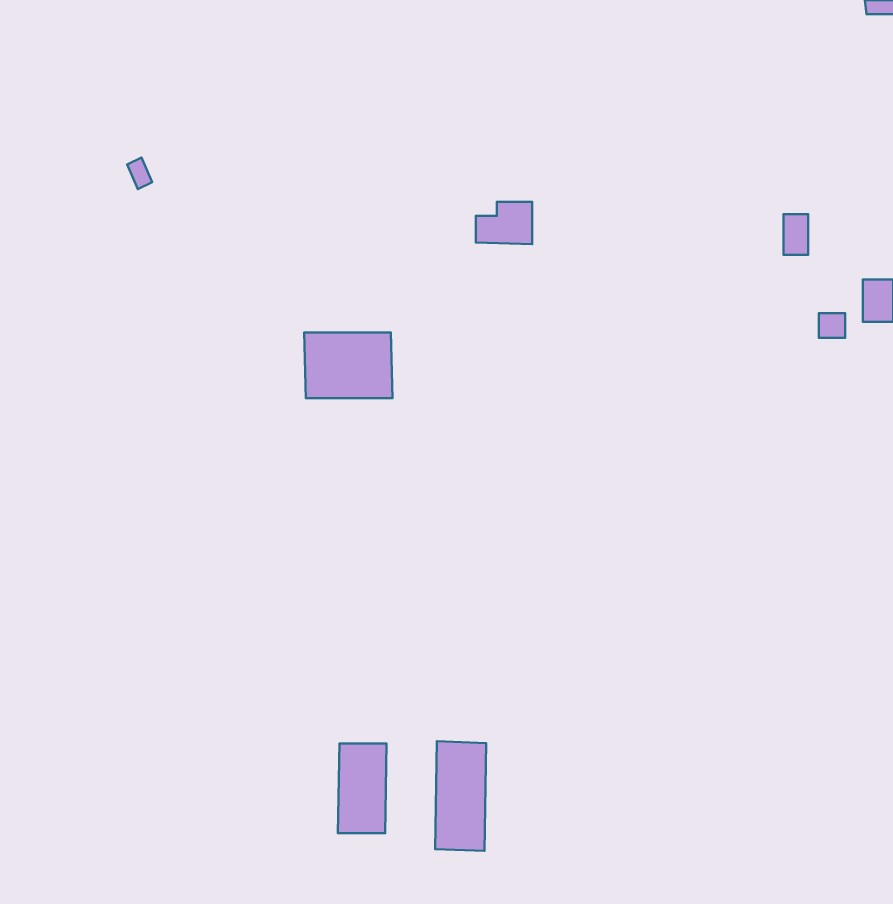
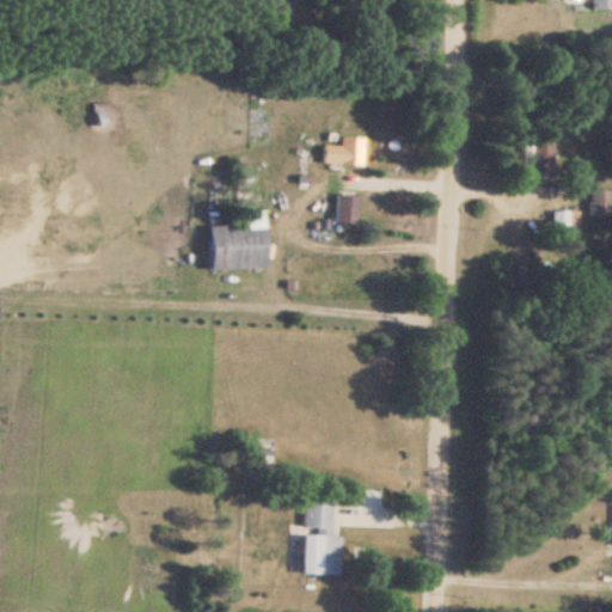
building: none -> [339,195,363,222]
building: [338,744,386,833] -> none

